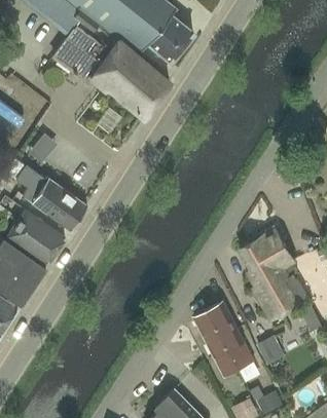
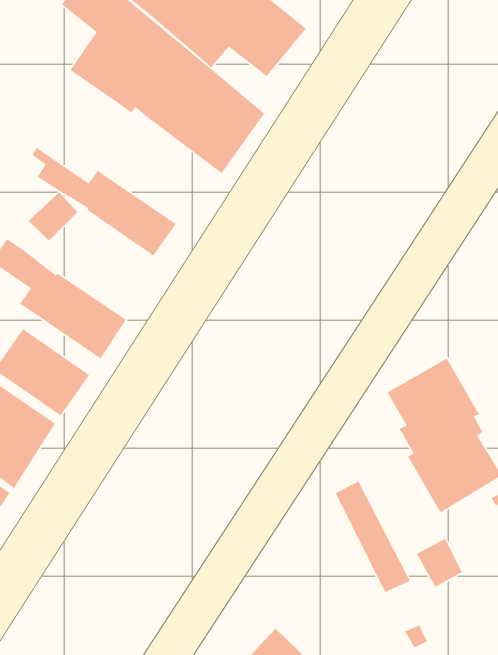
building: none -> [32,147,177,256]
building: [194,309,239,377] -> none

